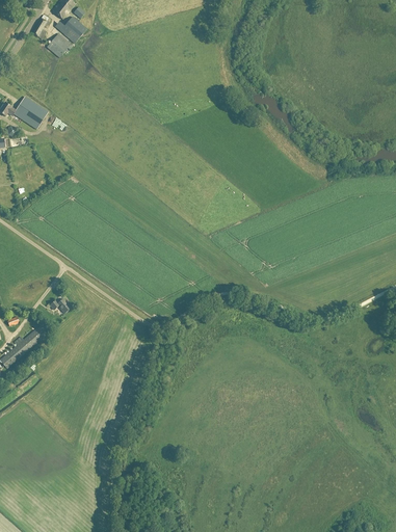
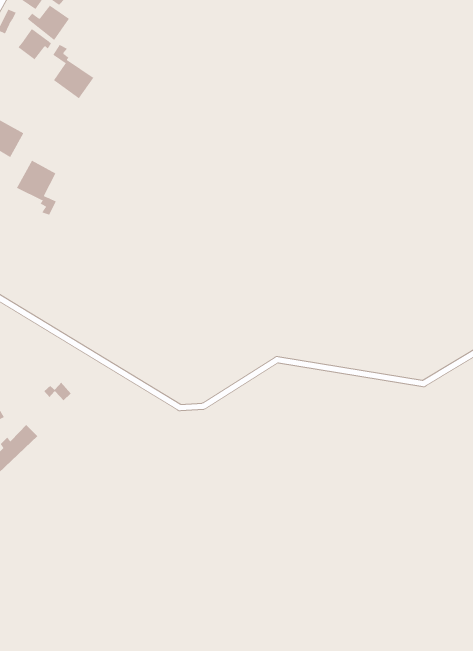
building: none -> [53,44,94,99]
building: none -> [16,160,56,216]

